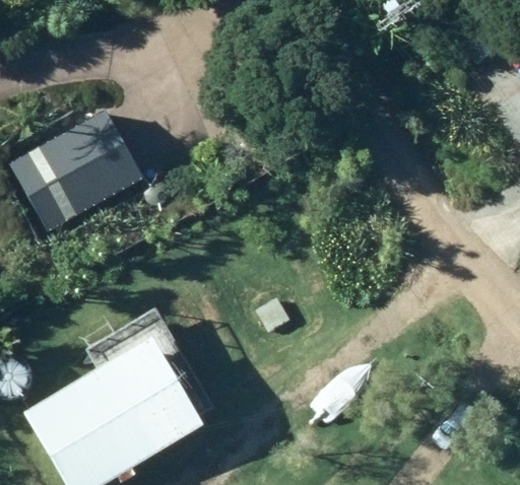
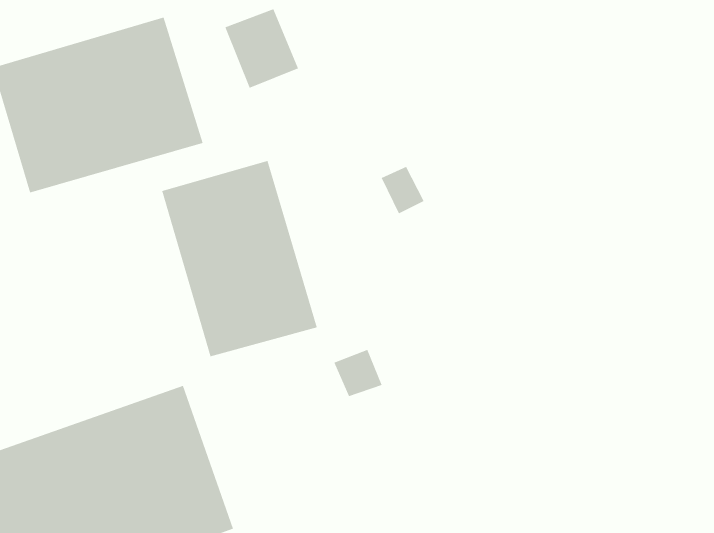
building: none -> [162,160,318,357]

